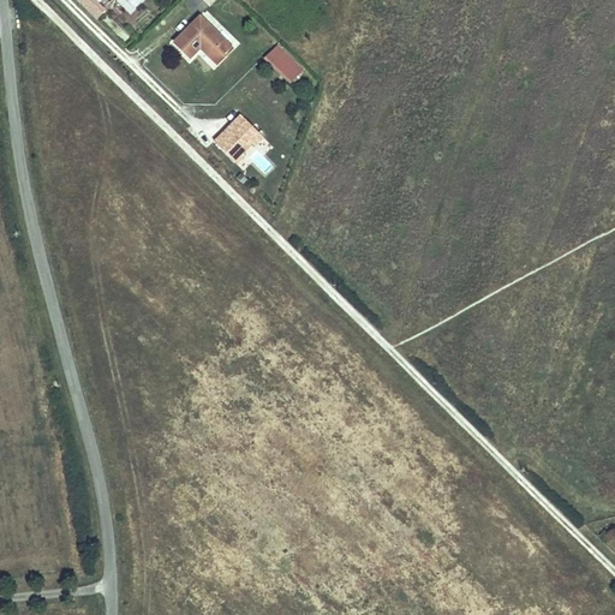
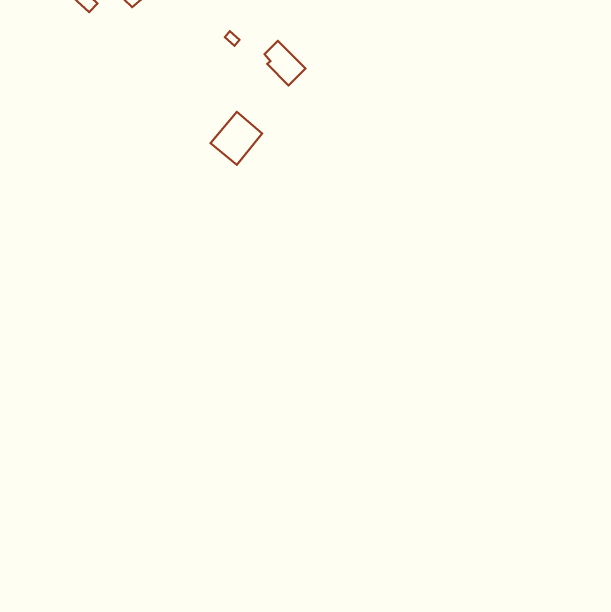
building: [171,13,225,59] -> none

